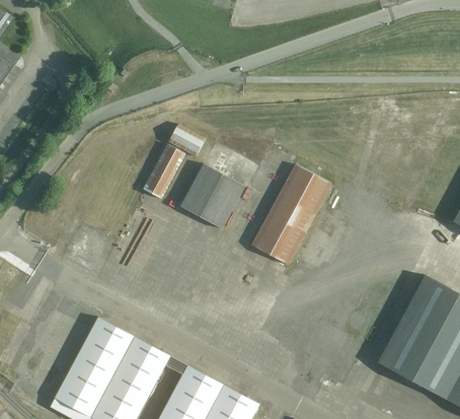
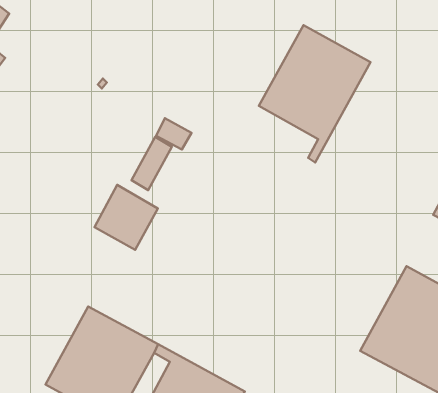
building: none -> [259,25,370,163]
building: [180,162,245,229] -> [95,185,158,250]
building: [250,164,331,265] -> none

